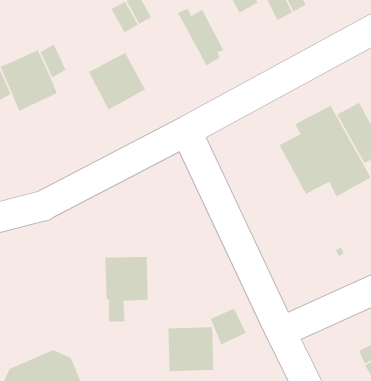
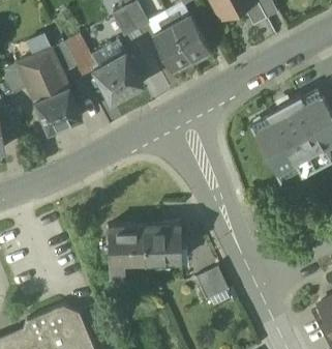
building: none -> [152,19,192,72]
building: none -> [64,34,97,75]
building: none -> [34,87,81,134]
building: [168,327,214,372] -> [143,224,182,262]

